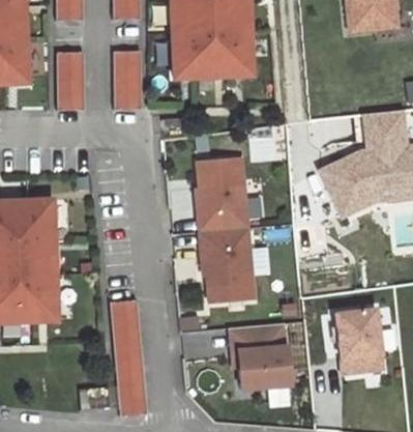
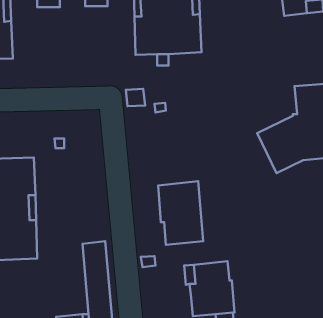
building: [114,50,142,109] -> none
building: [58,51,85,110] -> none
building: [197,157,248,233] -> none
building: [335,309,383,375] -> none

